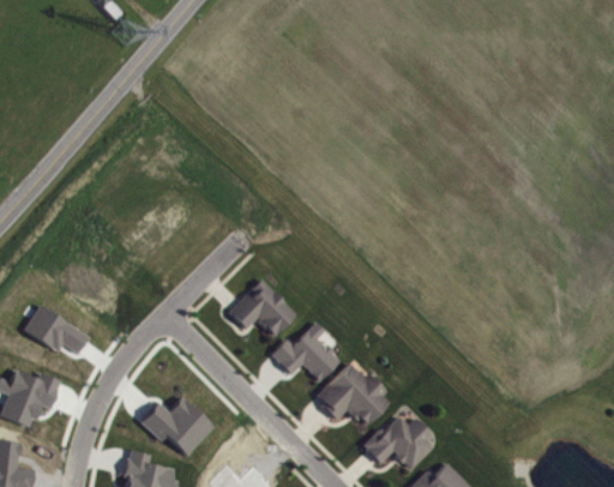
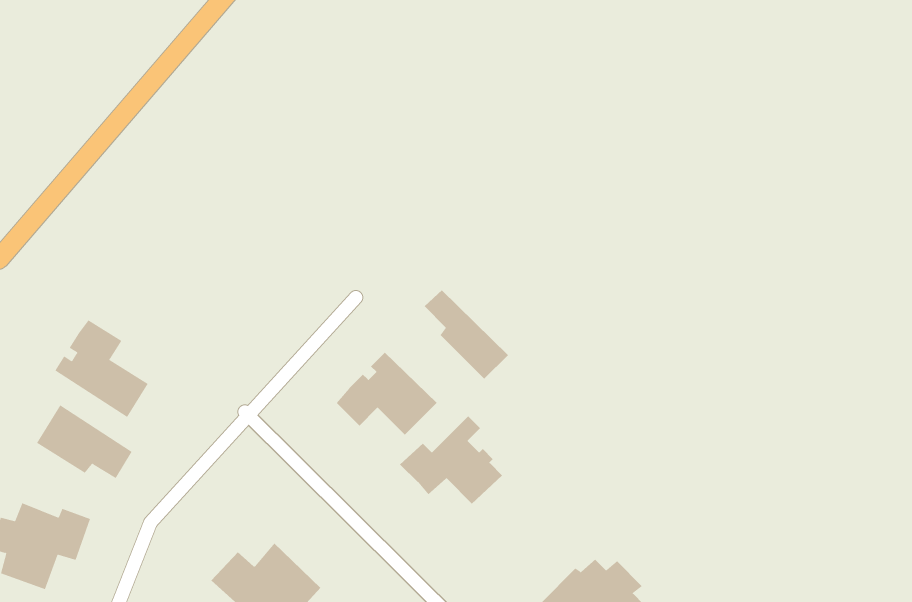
building: none -> [424,289,509,379]
building: none -> [55,319,149,418]
building: [317,361,387,423] -> none

